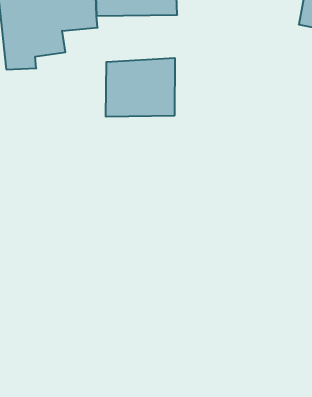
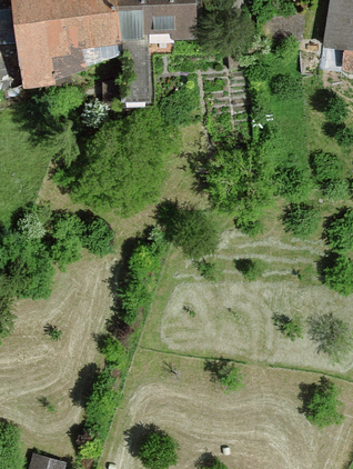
building: [106,58,175,117] -> none

